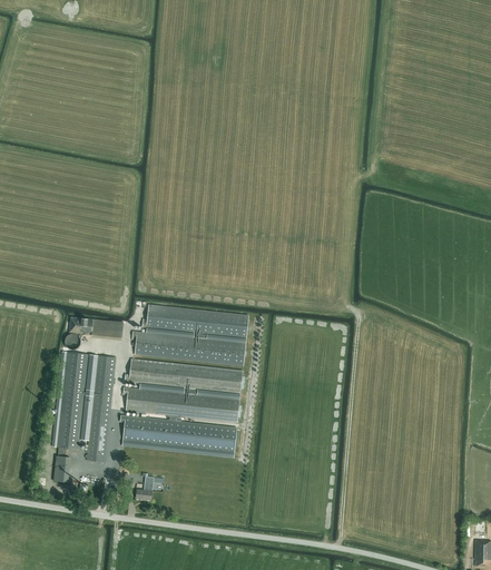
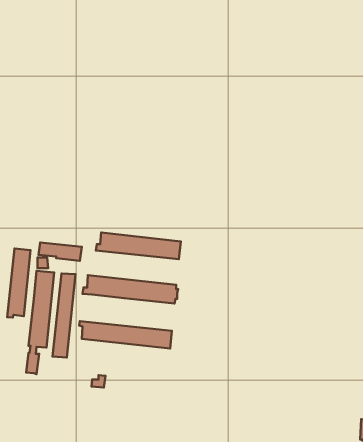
building: none -> [7,248,31,318]
building: [130,331,245,365] -> none
building: [121,386,240,422] -> none

